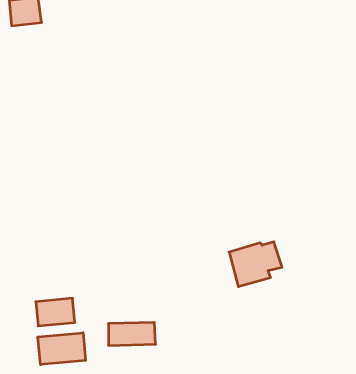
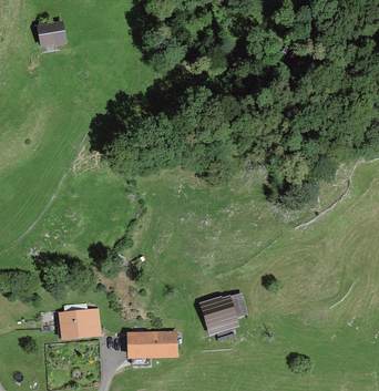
building: [229,242,282,287] -> [199,292,250,336]
building: [38,333,86,365] -> none

